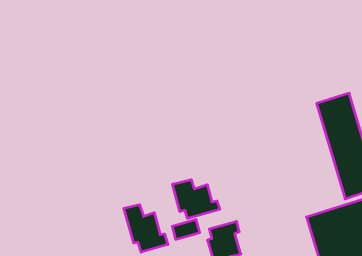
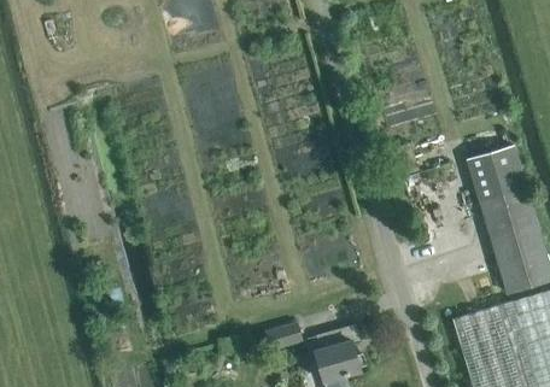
building: [173,180,220,218] -> none
building: [124,205,168,252] -> none

